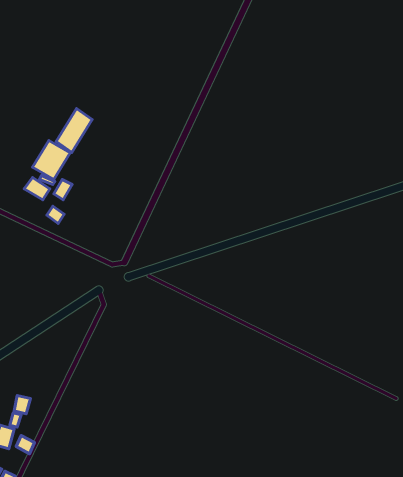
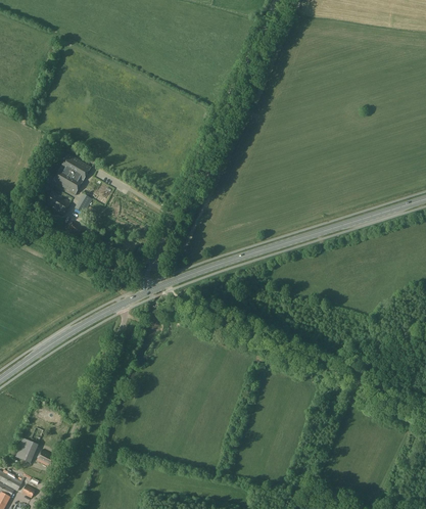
building: [56,109,92,153] -> none

